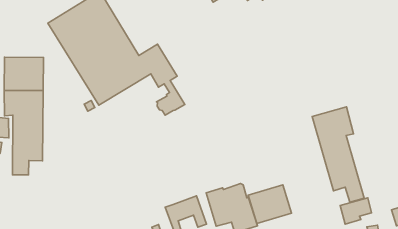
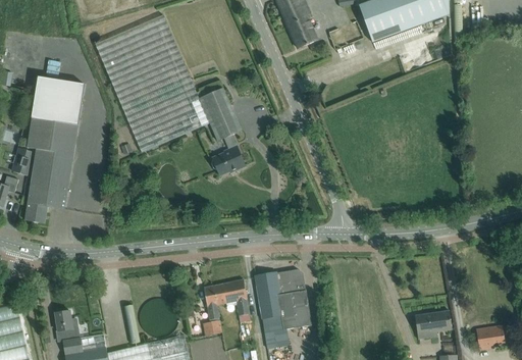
building: [312,107,364,202] -> none
building: [248,185,291,223] -> none

